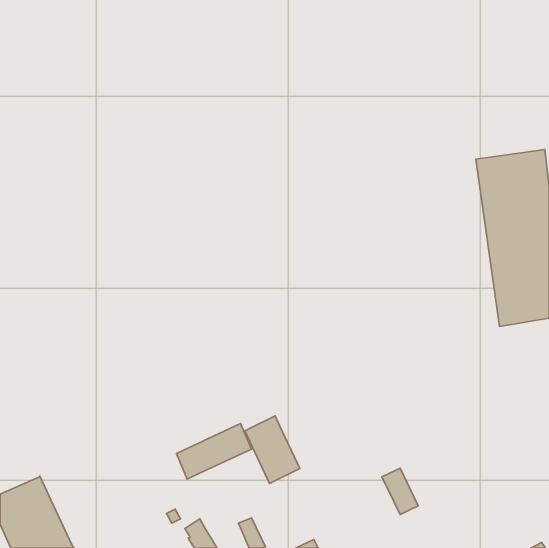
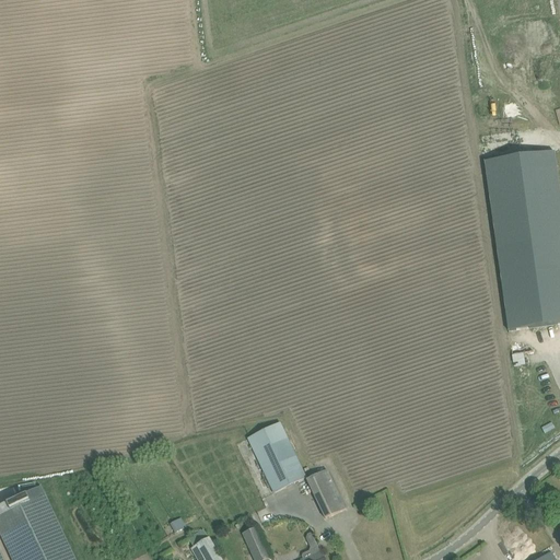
building: [176,423,251,479] -> none
building: [382,468,418,514] -> [307,470,345,517]

